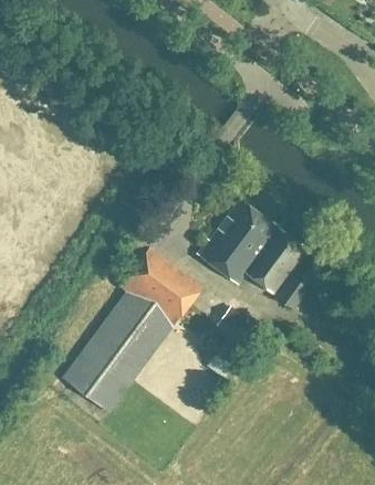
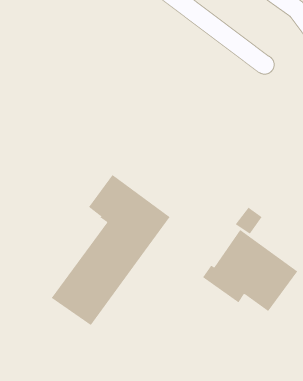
building: [194,199,304,294] -> [202,229,298,312]

